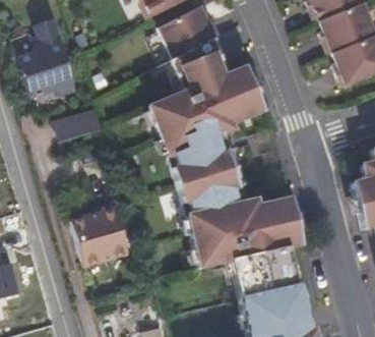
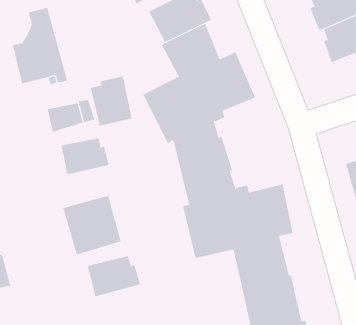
building: none -> [90,76,132,126]
building: none -> [61,138,109,175]
building: none -> [87,256,141,297]

